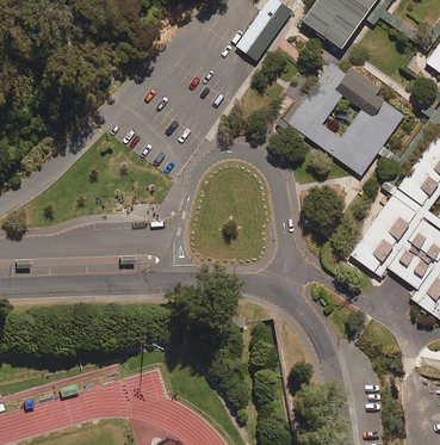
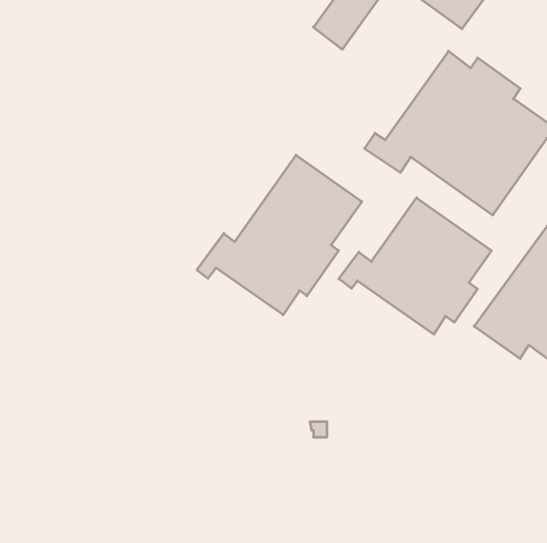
building: none -> [197,155,362,315]
building: none -> [339,198,491,334]

